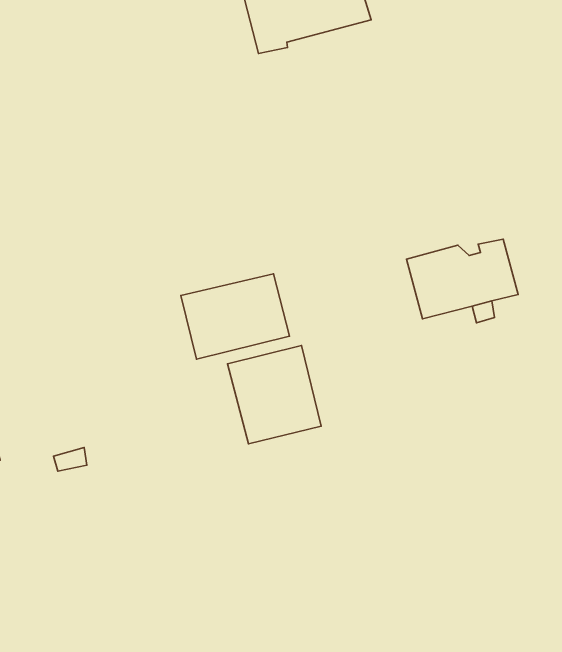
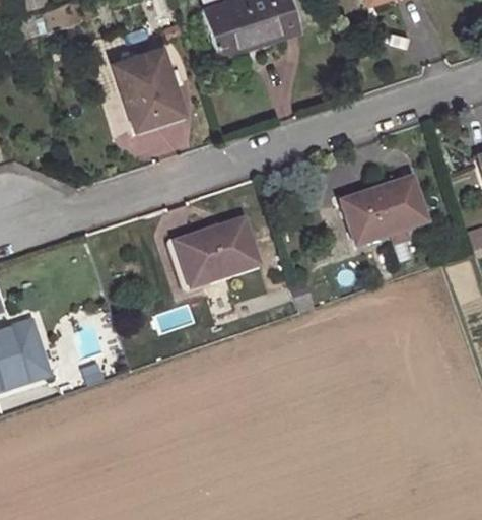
building: none -> [116,49,177,126]
building: [227,346,321,444] -> none

